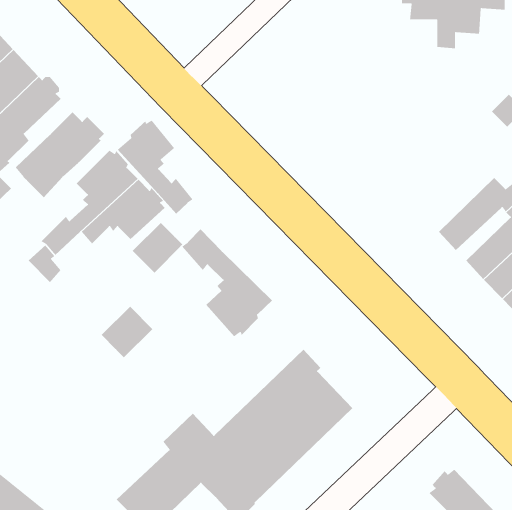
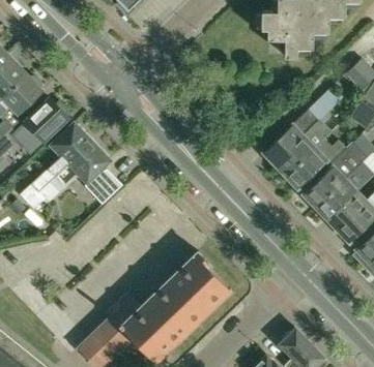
building: [117,119,194,215] -> none
building: none -> [263,111,324,177]
building: [181,228,273,337] -> none
building: [101,306,153,358] -> none

